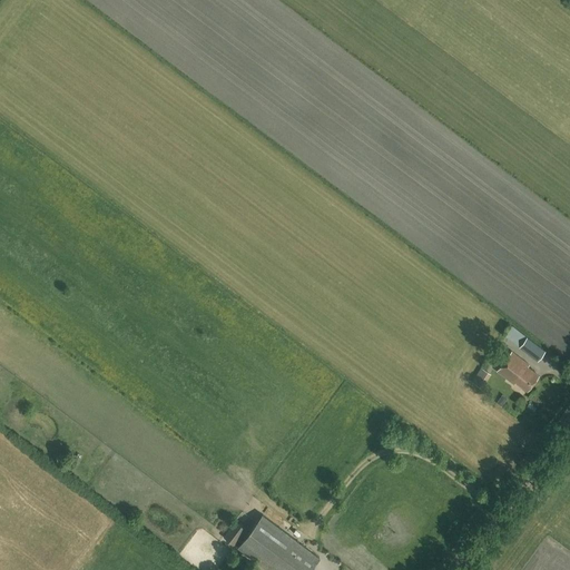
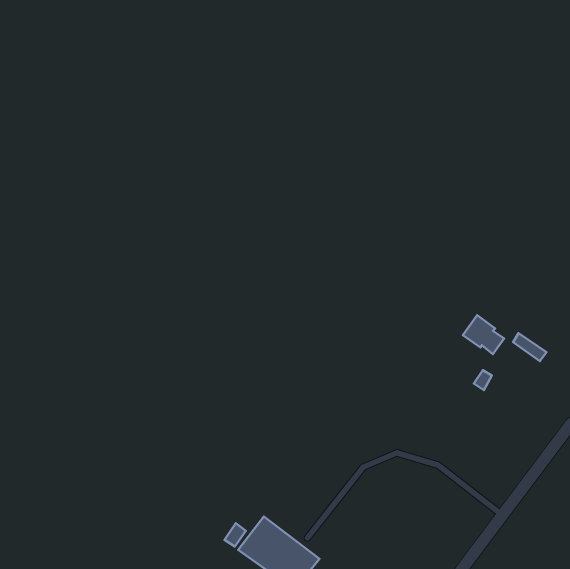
building: [498,354,539,393] -> [463,315,504,354]

